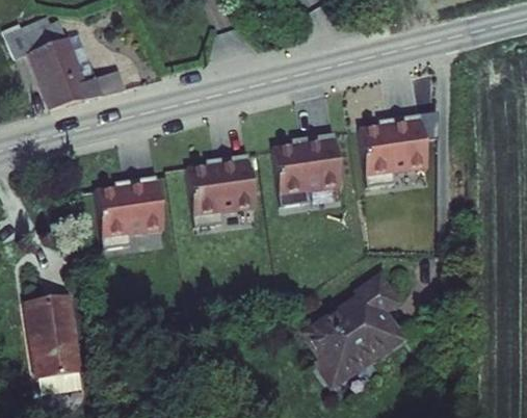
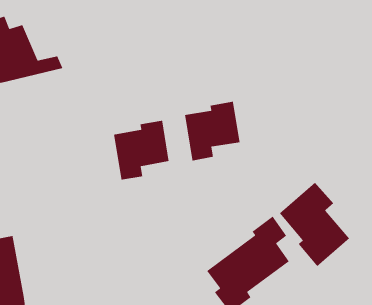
building: [361,108,428,181] -> none
building: [96,178,165,251] -> none
building: none -> [279,182,350,267]

